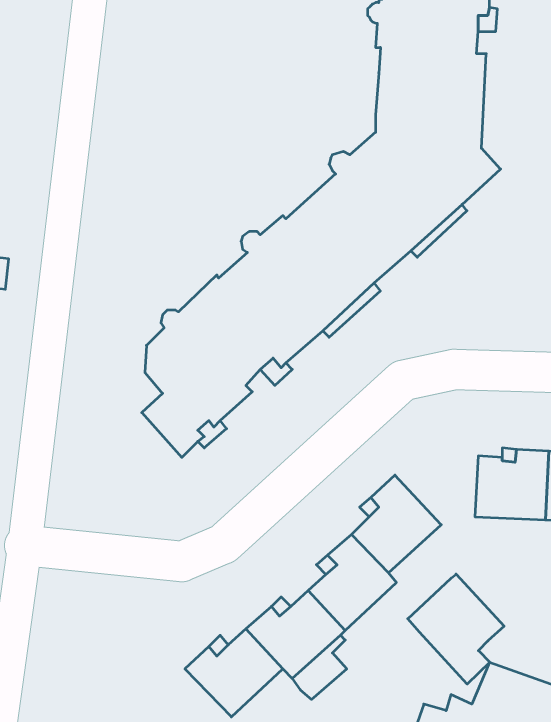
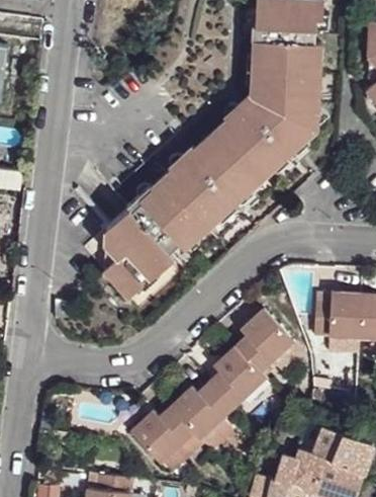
building: [408,574,504,684] -> none

